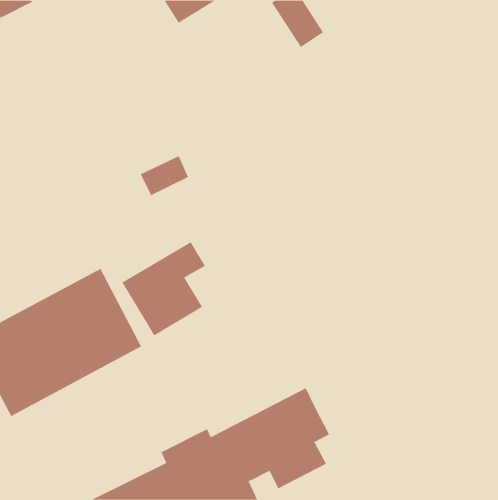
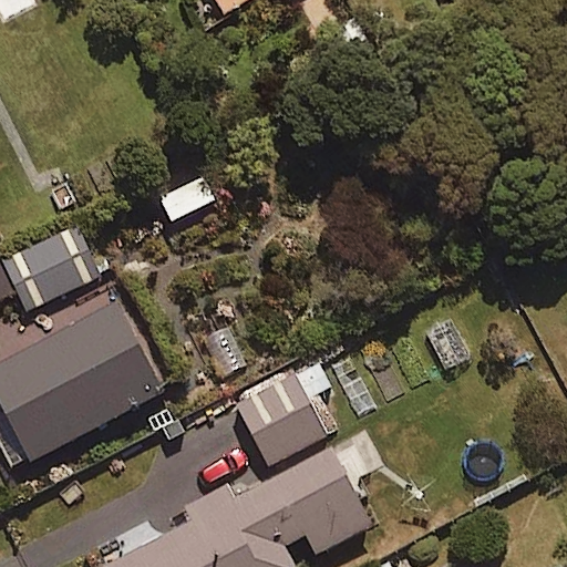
building: none -> [4,228,107,310]
building: [122,241,206,336] -> [235,358,330,465]

